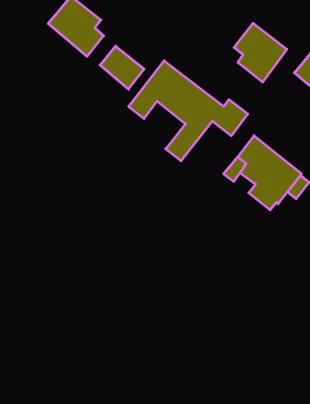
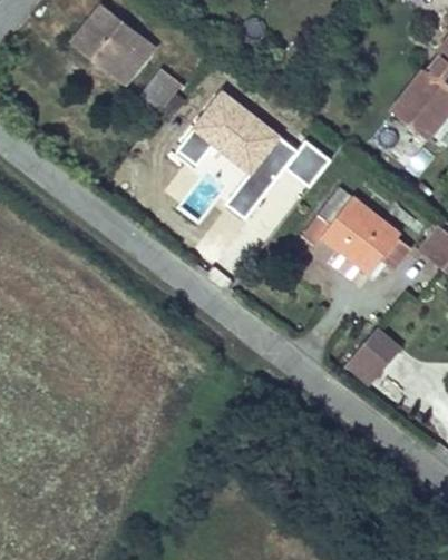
building: [234,23,287,82] -> none
building: none -> [343,324,403,386]

